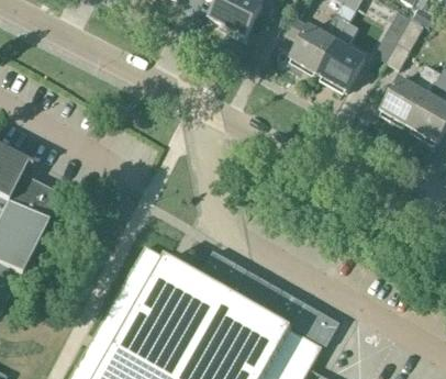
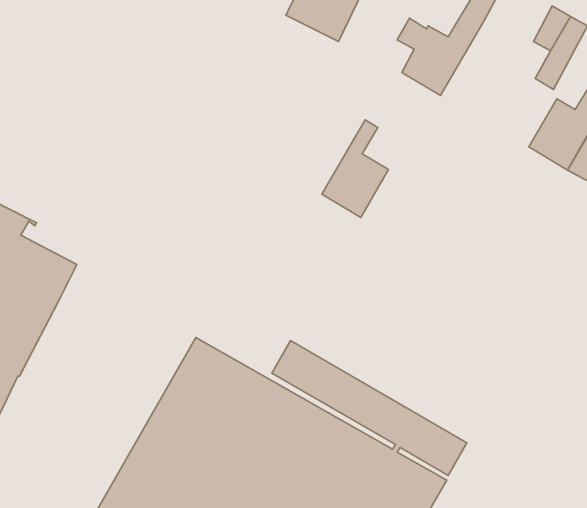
building: [319,23,366,92] -> [322,120,389,217]

